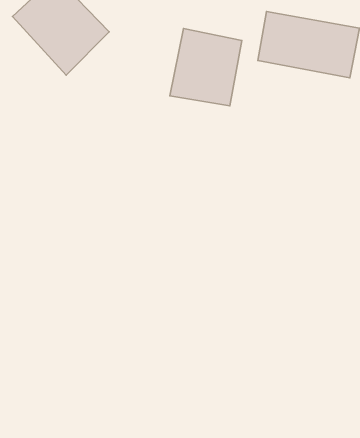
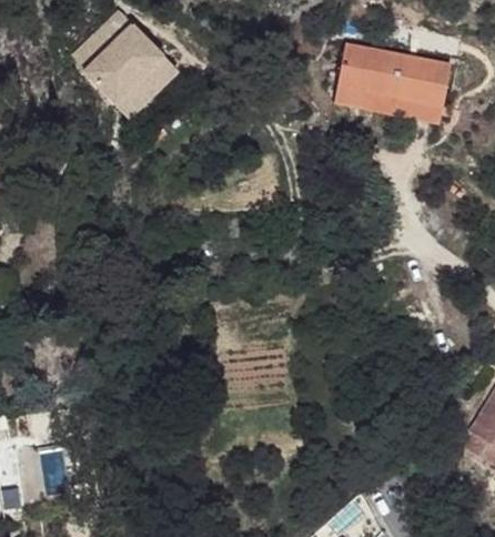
building: [170,29,242,106] -> none

